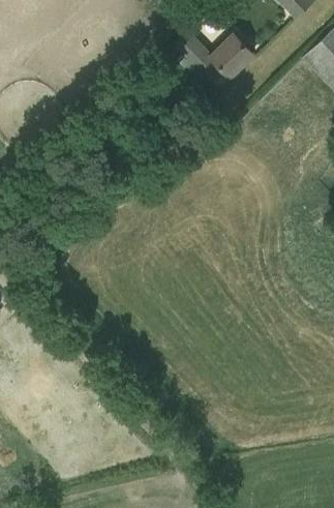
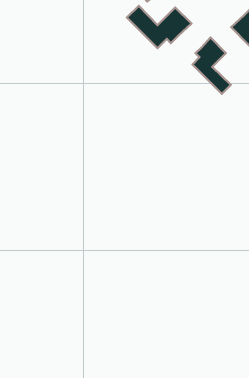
building: none -> [192,38,231,94]

